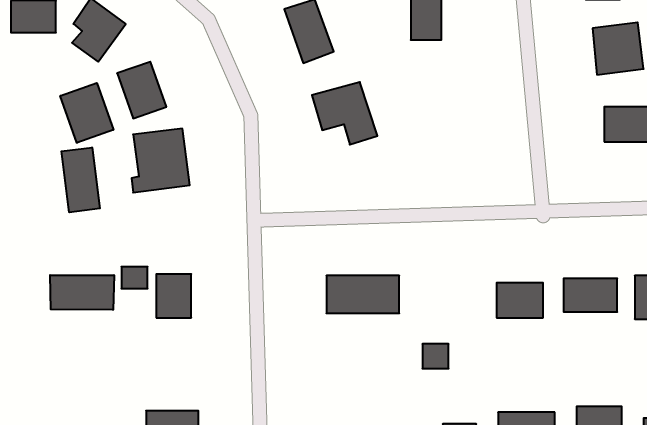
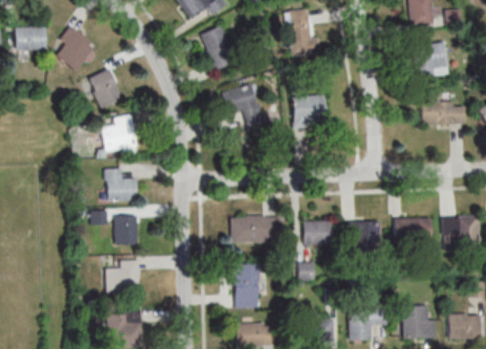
building: [60,83,113,143] -> none
building: none -> [291,94,327,128]
building: [61,147,100,212] -> none
building: none -> [105,169,137,201]
building: [50,275,114,310] -> none
building: none -> [302,220,332,244]
building: none -> [105,256,140,292]
building: none -> [234,264,259,308]

